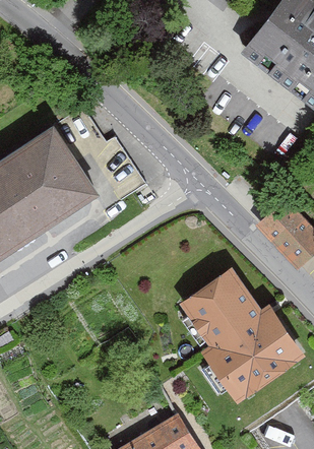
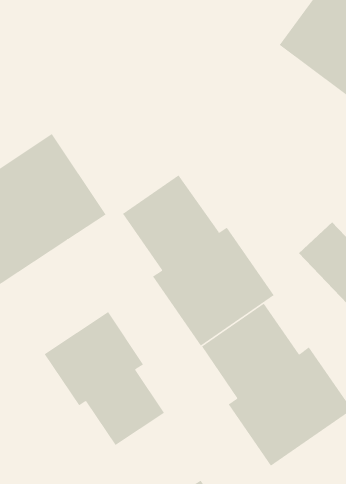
building: none -> [122,175,275,346]
building: none -> [44,311,165,446]

